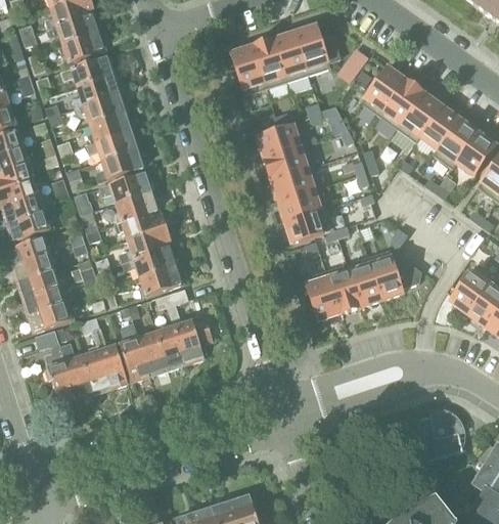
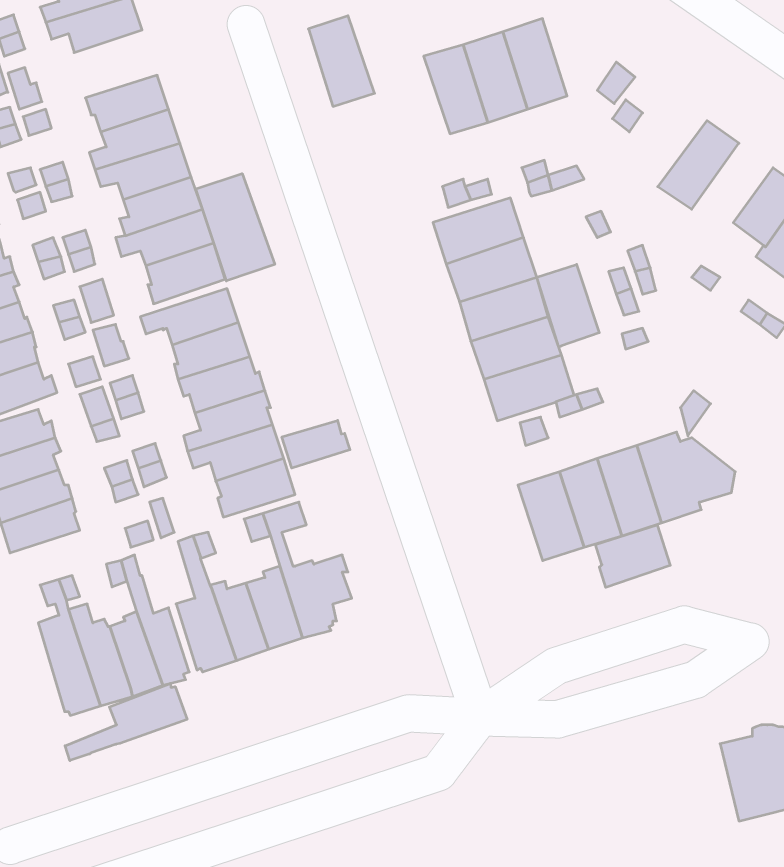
building: [63,32,106,63] -> none
building: [231,46,267,95] -> [308,16,375,106]
building: [361,67,406,117] -> none
building: [398,93,442,142] -> none
building: none -> [196,174,275,281]
building: none -> [537,264,599,347]
building: none -> [282,420,350,468]
building: none -> [596,525,670,587]
building: [29,303,73,332] -> none
building: none -> [65,683,187,761]

